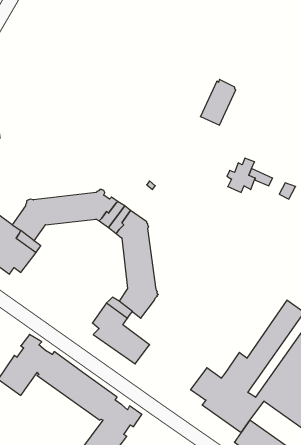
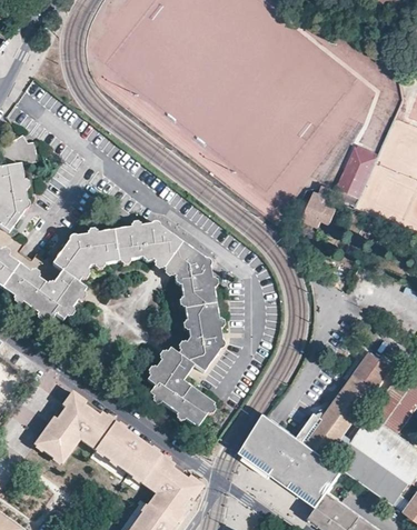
building: [200,79,236,125] -> [337,147,378,200]
building: none -> [244,416,299,479]

